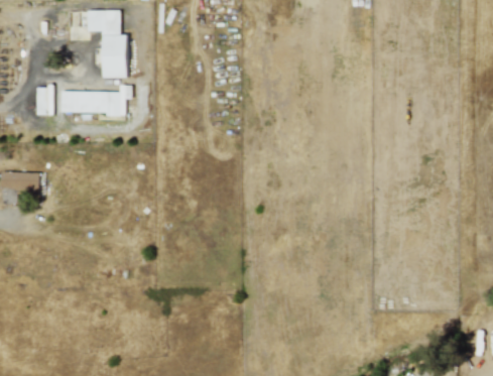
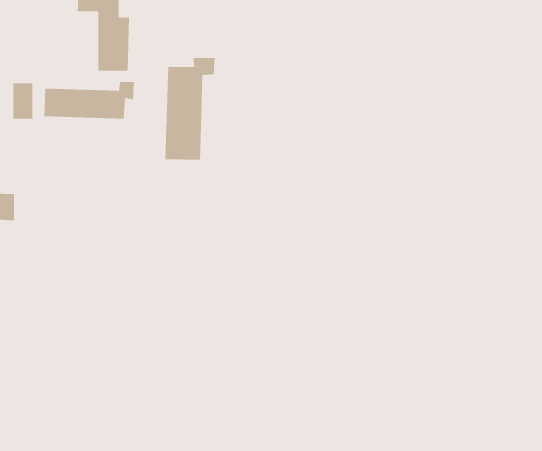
building: none -> [165,57,215,161]

